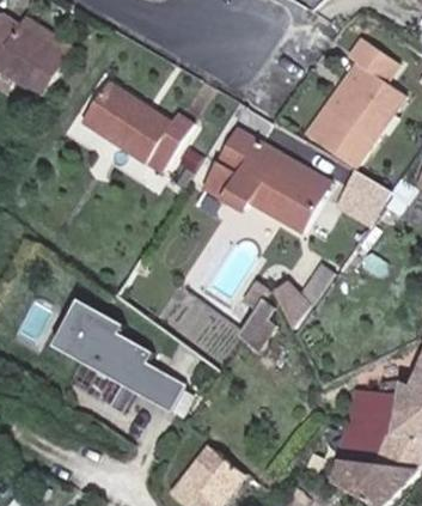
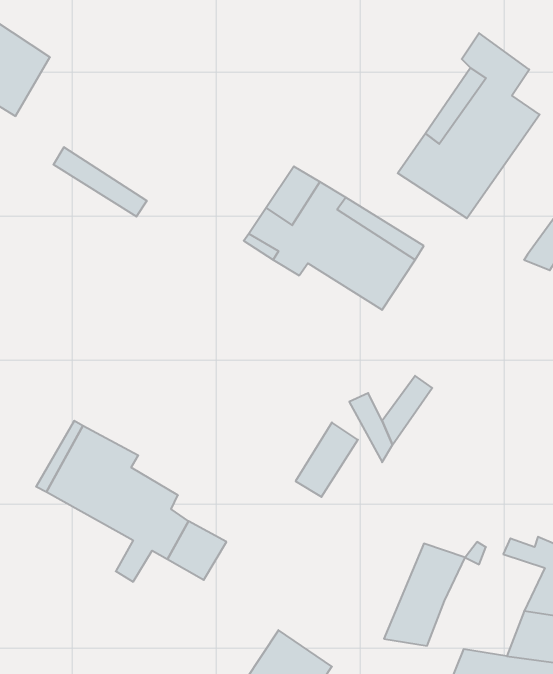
building: [86,74,195,163] -> none
building: [341,169,392,215] -> none
building: [348,396,404,467] -> [384,544,465,646]

